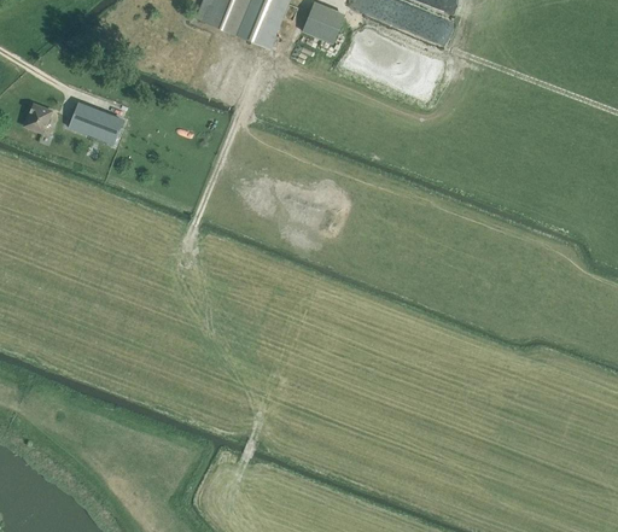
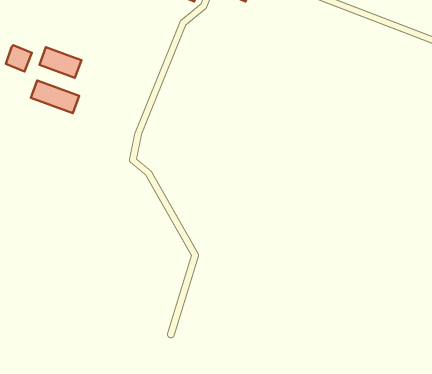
building: none -> [31,80,79,113]

